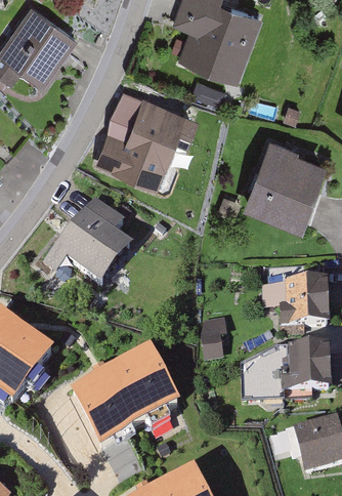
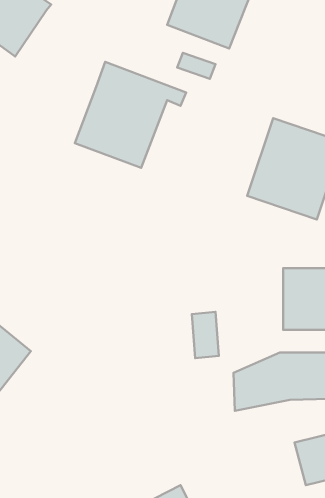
building: [41,193,140,290] -> none
building: [69,355,171,445] -> none

